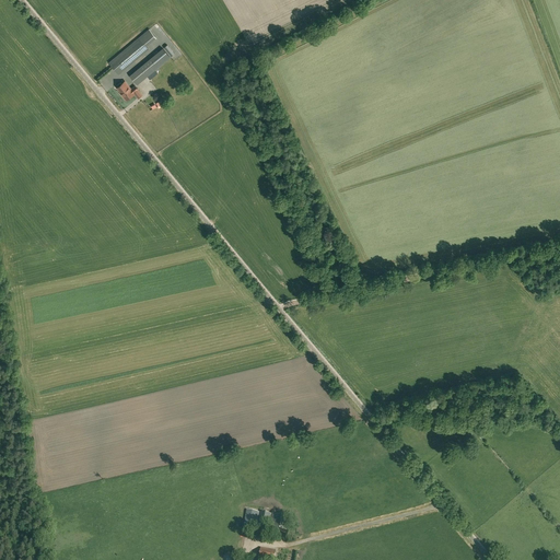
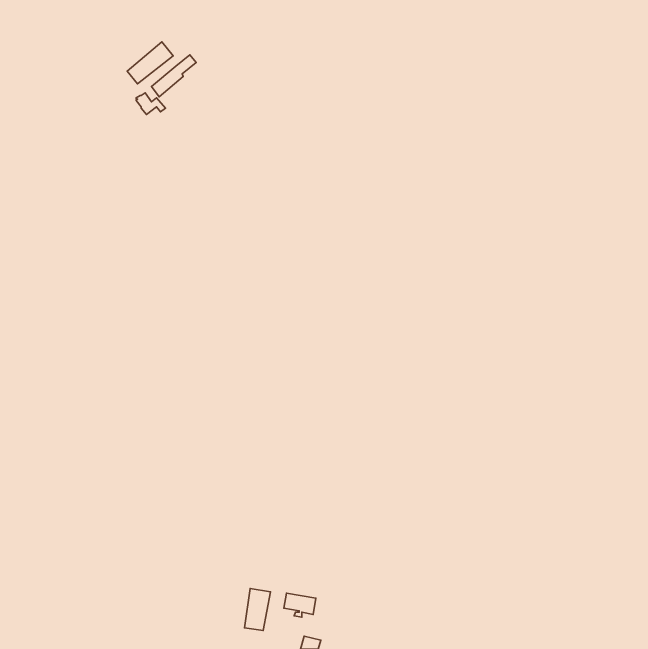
building: none -> [245,589,271,631]

